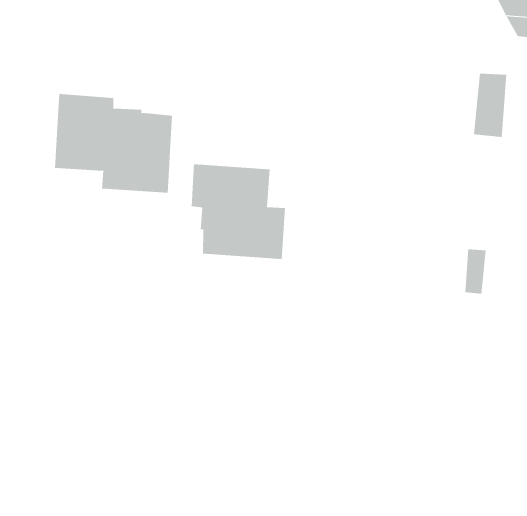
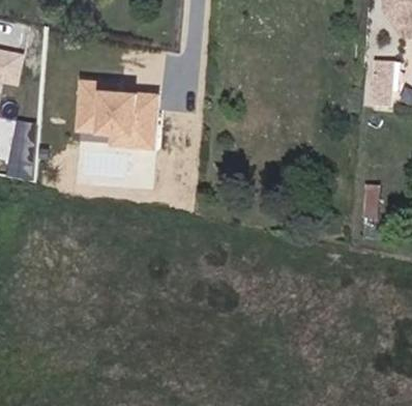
building: [191,164,286,260] -> none

